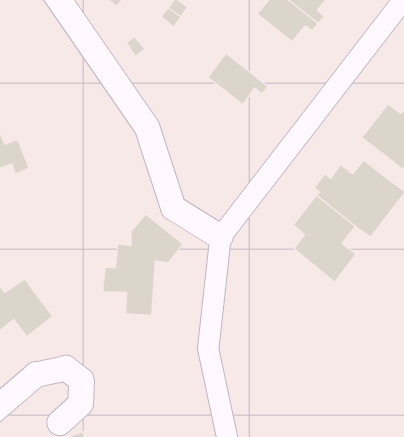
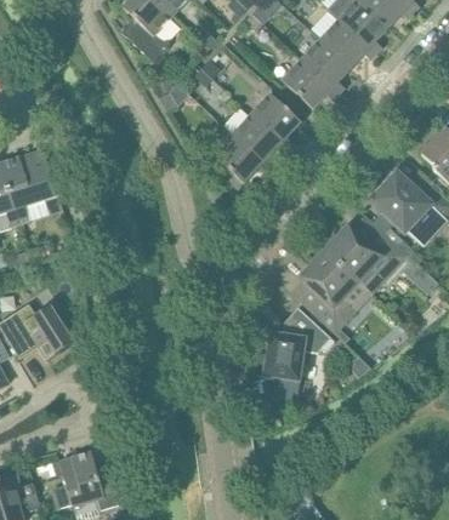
building: none -> [251,92,301,147]
building: none -> [214,133,263,188]
building: [103,214,183,315] -> [254,305,331,399]

